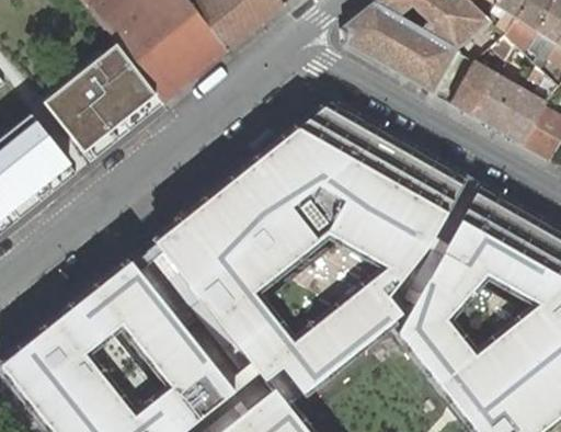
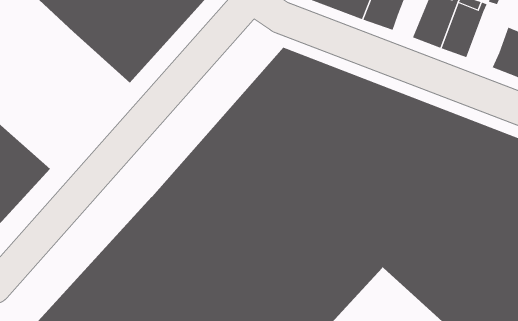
building: [46,44,167,161] -> none
building: [501,88,549,144] -> none

